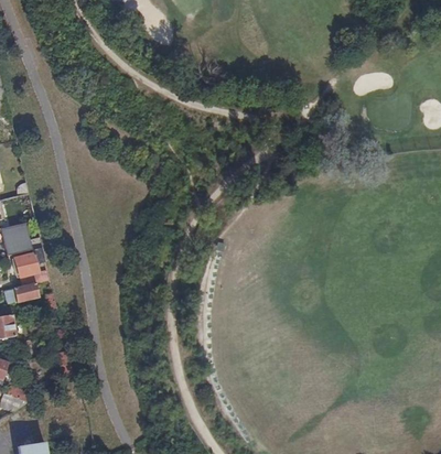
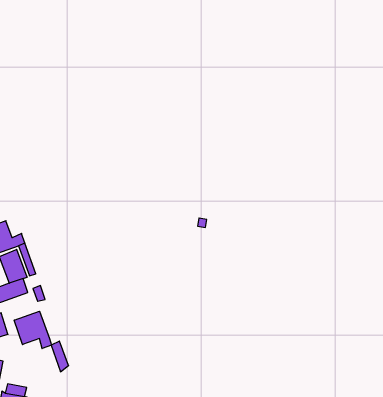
building: none -> [14,311,51,349]

